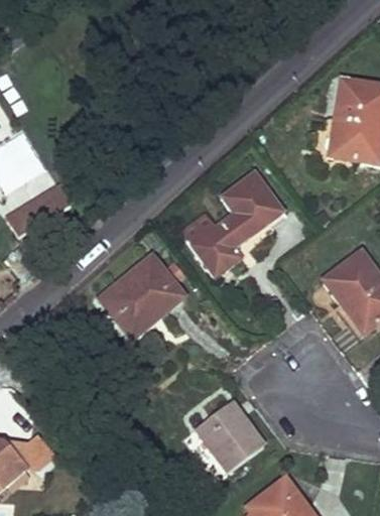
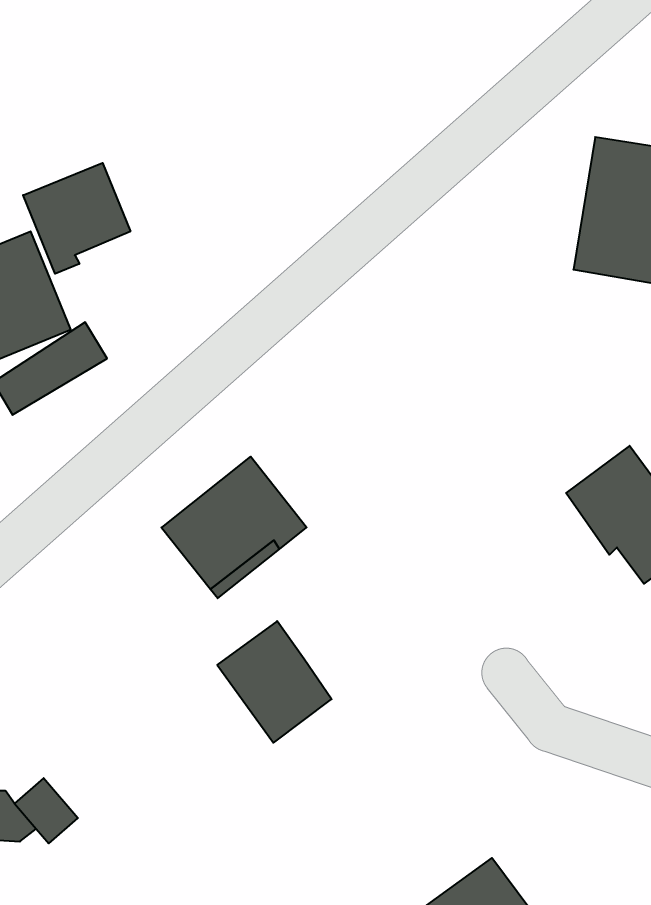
building: none -> [23,163,130,274]
building: [193,172,281,274] -> none
building: [197,402,260,470] -> [217,621,332,743]

